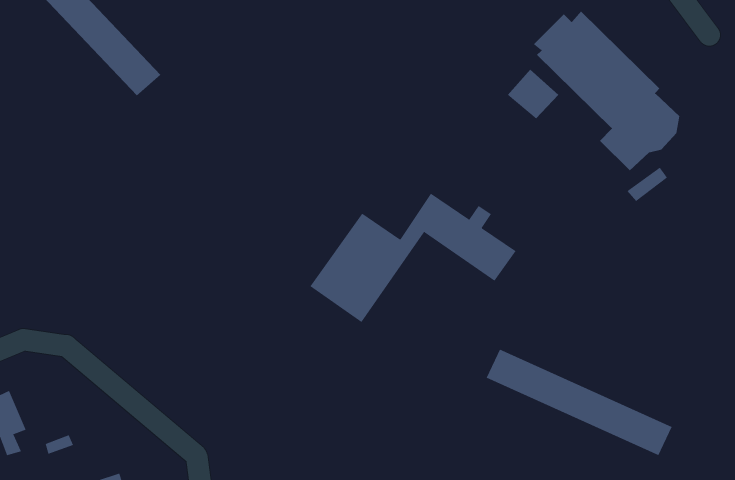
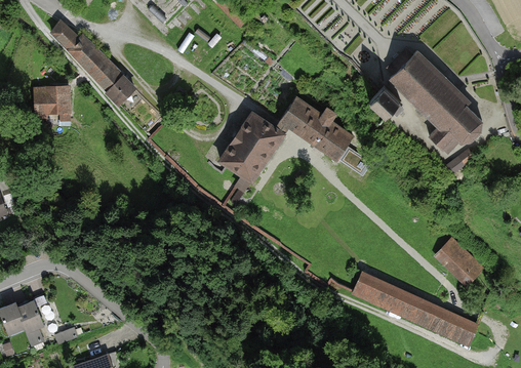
building: none -> [35,88,70,120]
building: [310,193,516,323] -> [214,98,353,186]
building: none -> [438,240,483,284]

